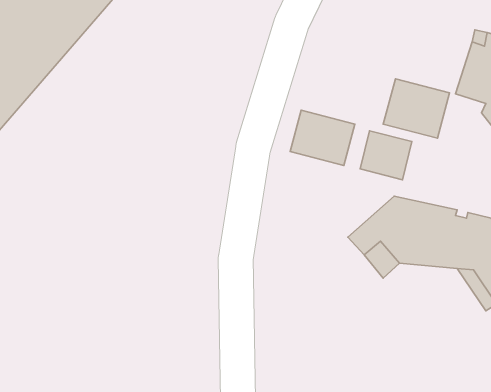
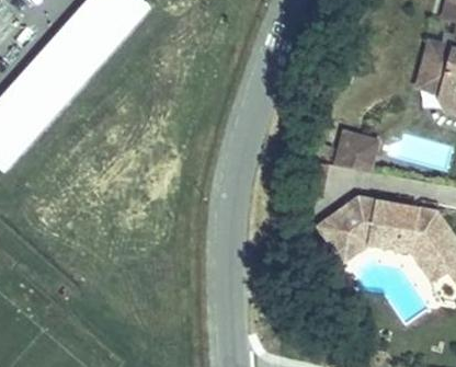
building: [383,79,449,138] -> none
building: [290,110,355,165] -> none

